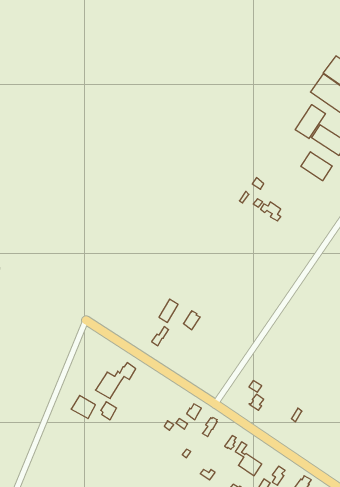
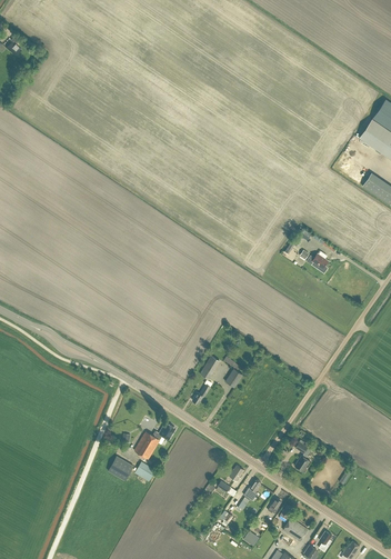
building: [295,105,325,139] -> none
building: [301,152,332,181] -> none

